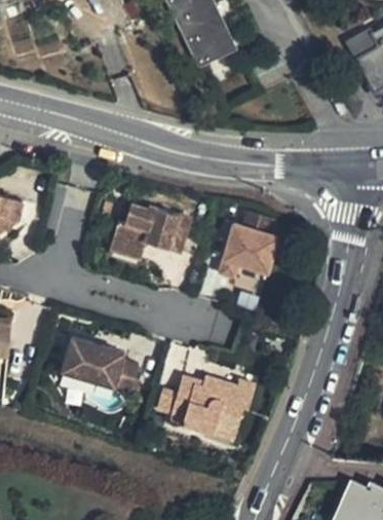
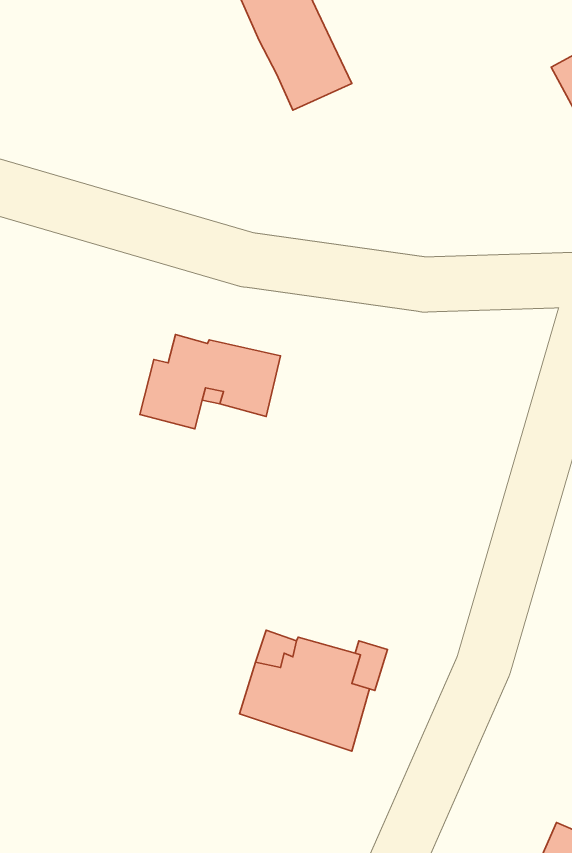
building: [219,214,277,281] -> none
building: [61,337,136,391] -> none

